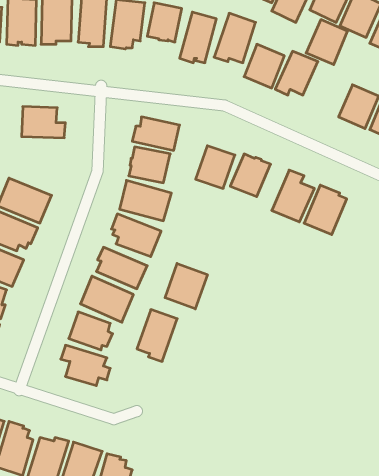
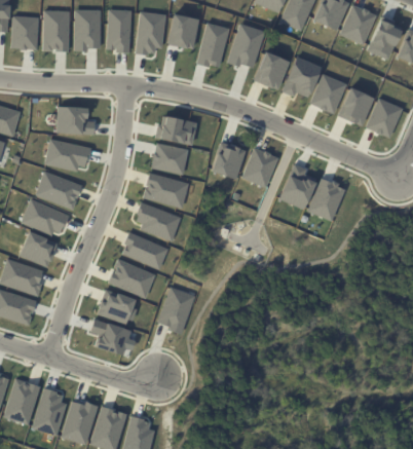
building: [306,20,348,65] -> [309,73,346,113]
building: none -> [44,138,90,171]
building: [165,263,207,309] -> none

